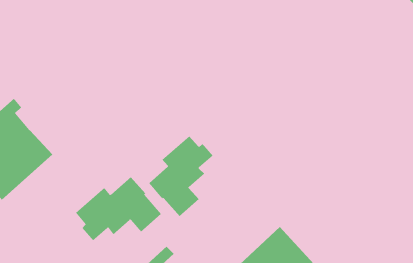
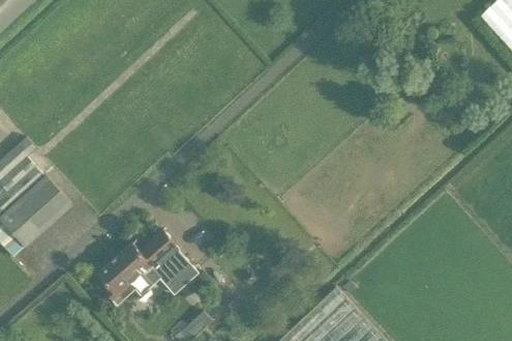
building: [148,135,214,217] -> none

